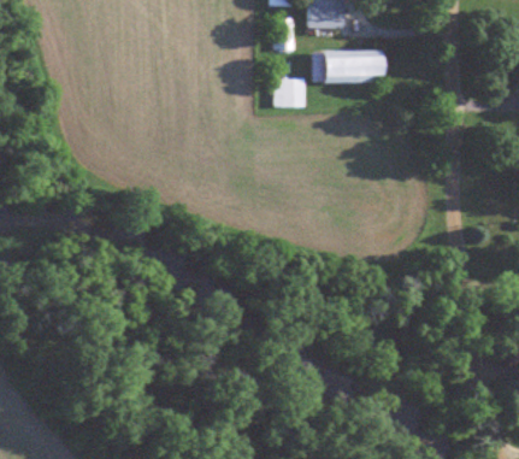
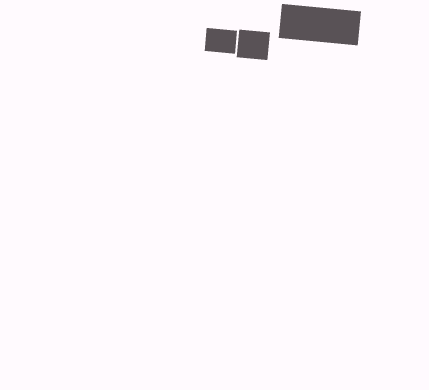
building: none -> [204,27,238,55]

